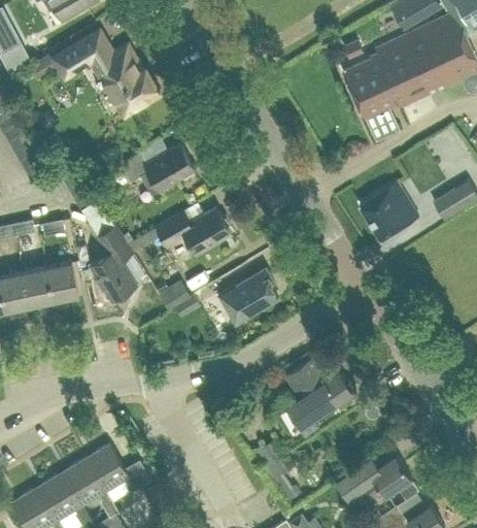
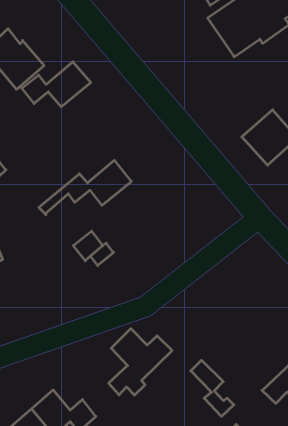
building: [120,145,195,192] -> [22,62,91,107]
building: [90,224,136,301] -> none
building: [217,269,277,326] -> none
building: [277,360,351,432] -> [109,329,172,395]

